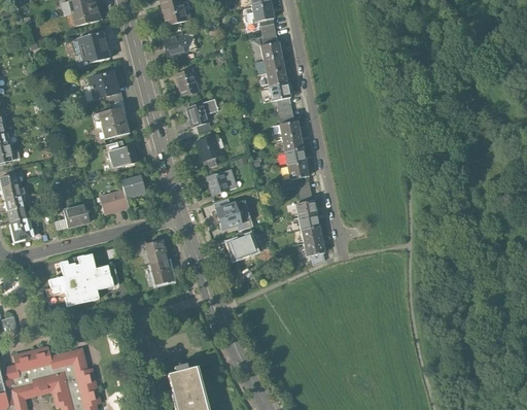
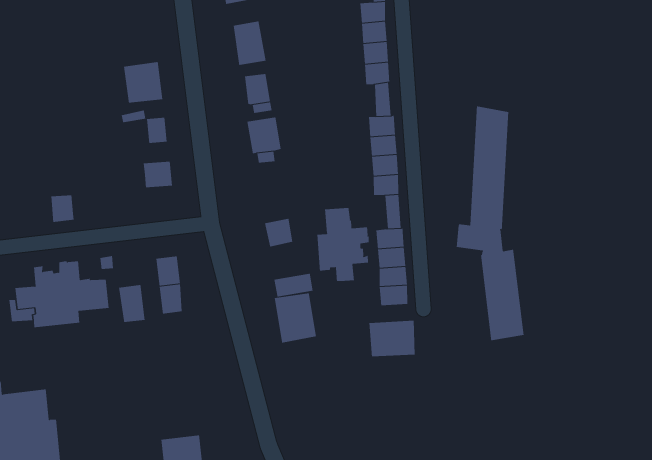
building: [91,67,122,99] -> none
building: none -> [456,106,524,341]
building: [206,168,238,194] -> none
building: [102,186,131,212] -> none
building: none -> [317,207,369,282]
building: none -> [274,292,317,344]
building: none -> [369,320,415,357]
building: none -> [119,284,145,323]

